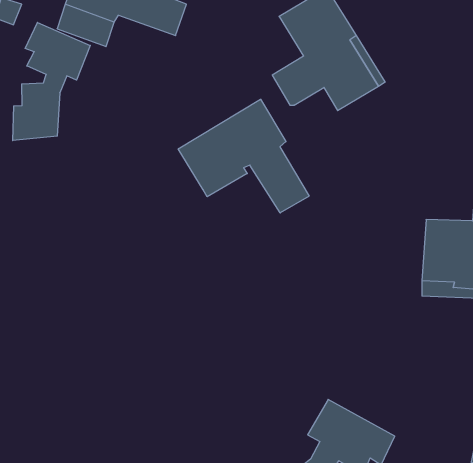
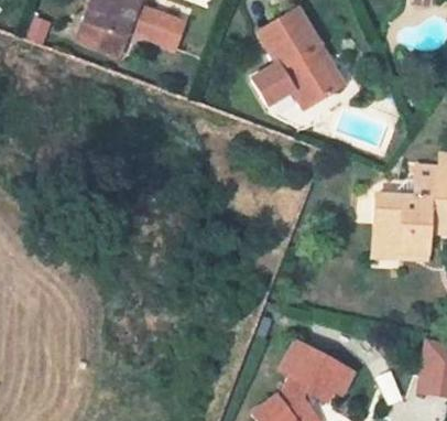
building: [13,22,90,141] -> none
building: [178,99,309,213] -> none

